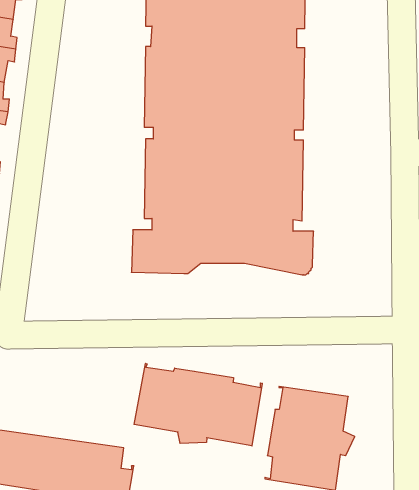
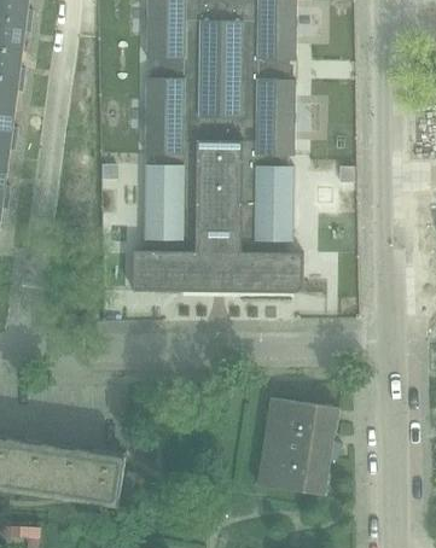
building: [134,363,262,446] -> none

